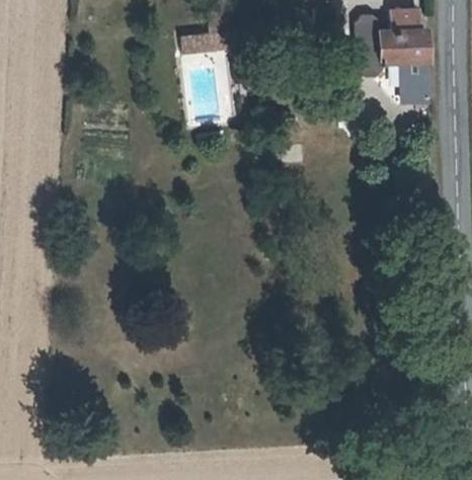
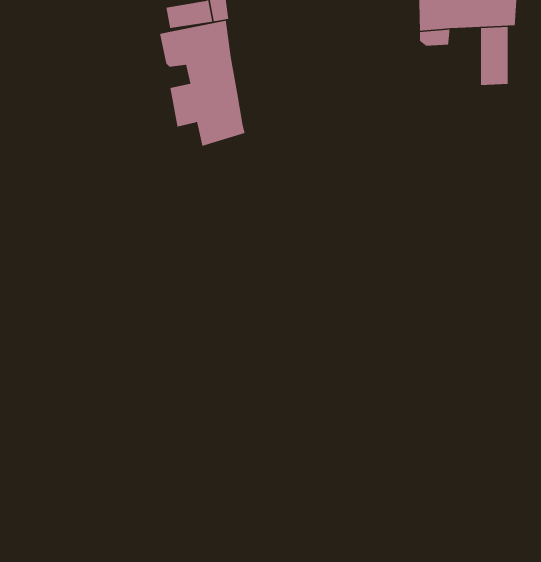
building: none -> [159,20,245,147]

